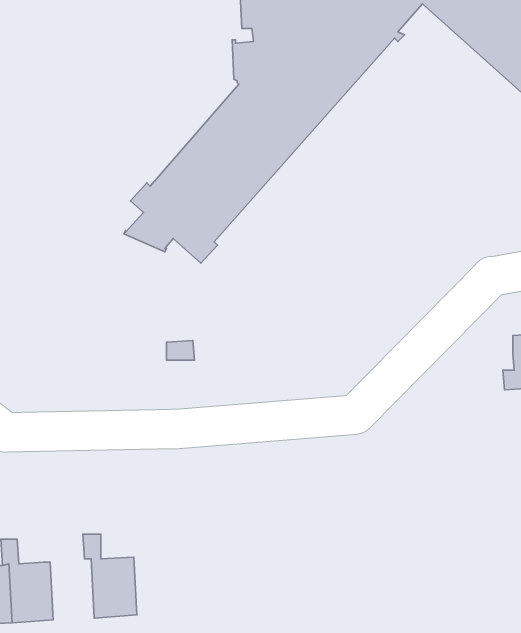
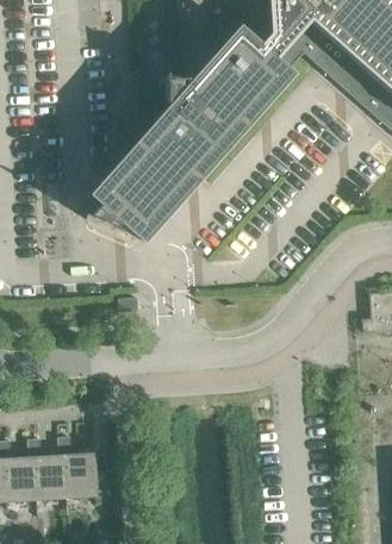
building: none -> [32,437,70,498]

